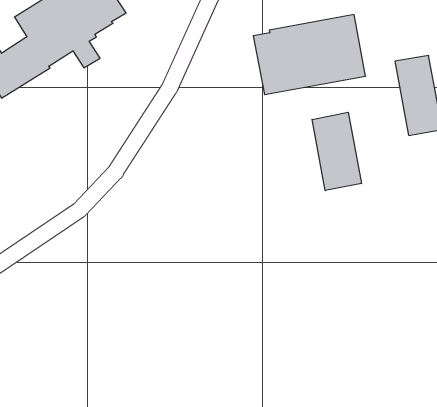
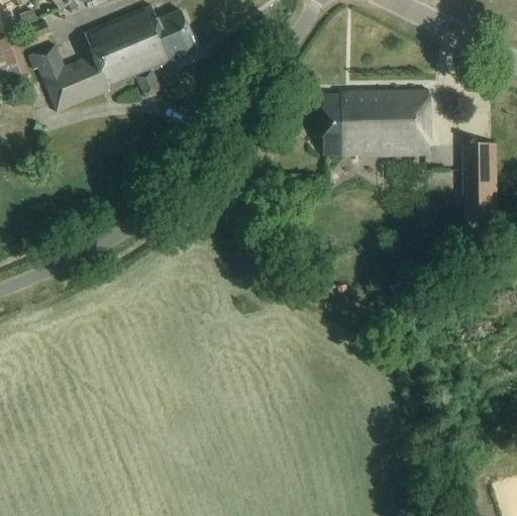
building: [312,112,361,191] -> none

